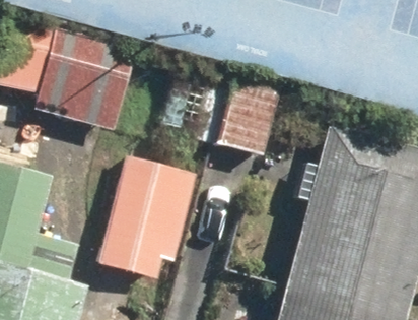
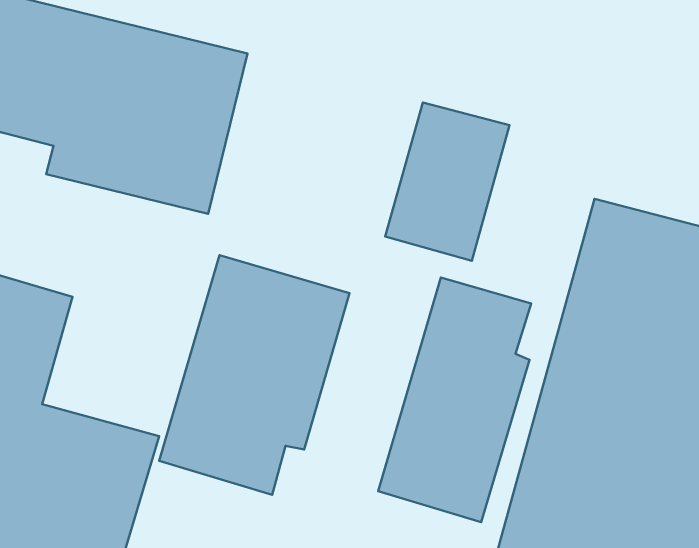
building: none -> [378,278,531,522]

